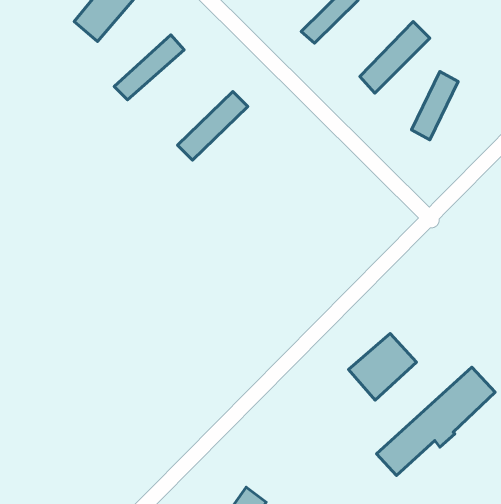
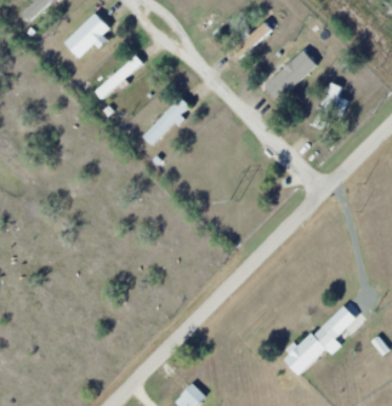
building: [348,333,417,400] -> none

